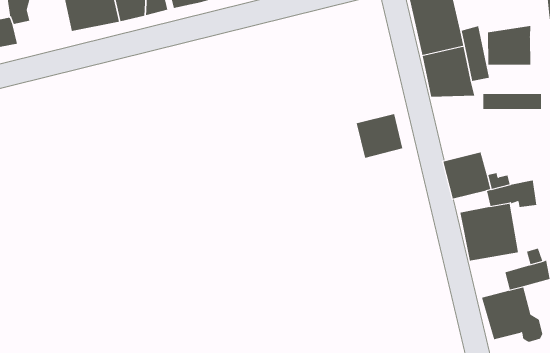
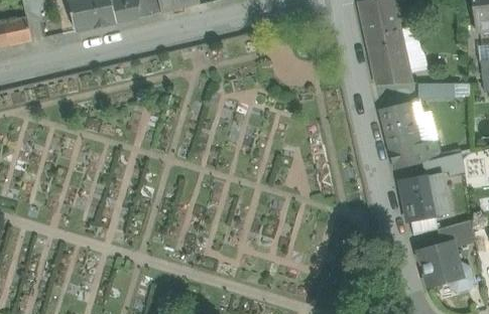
building: [487,25,531,65] -> none
building: [356,113,403,158] -> [378,101,417,138]

